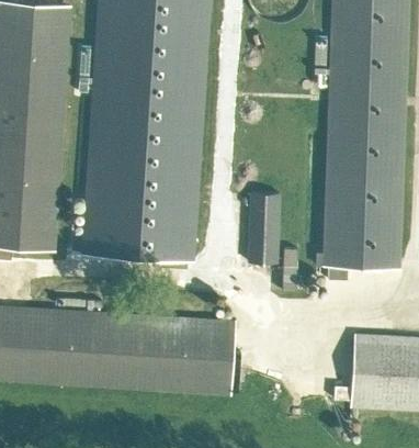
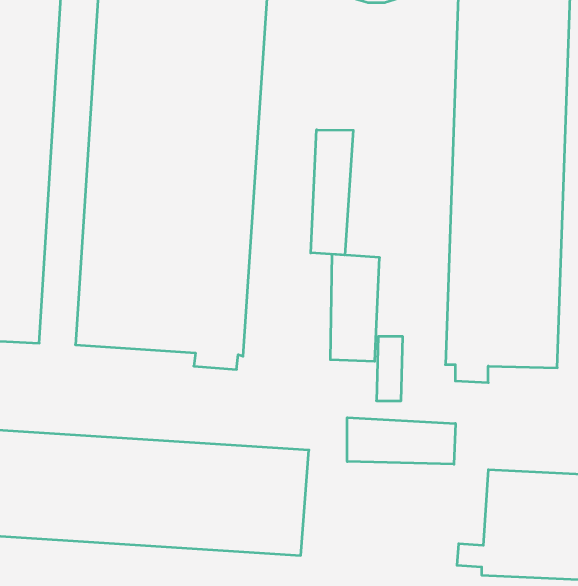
building: none -> [311,130,353,255]
building: none -> [347,418,455,464]

